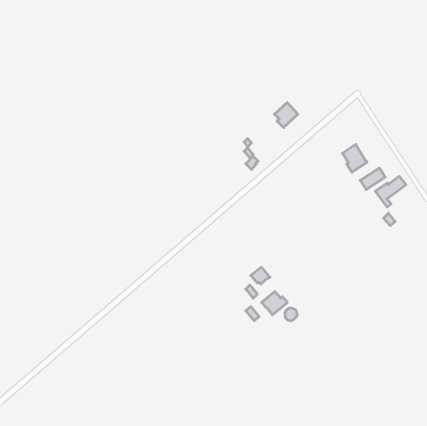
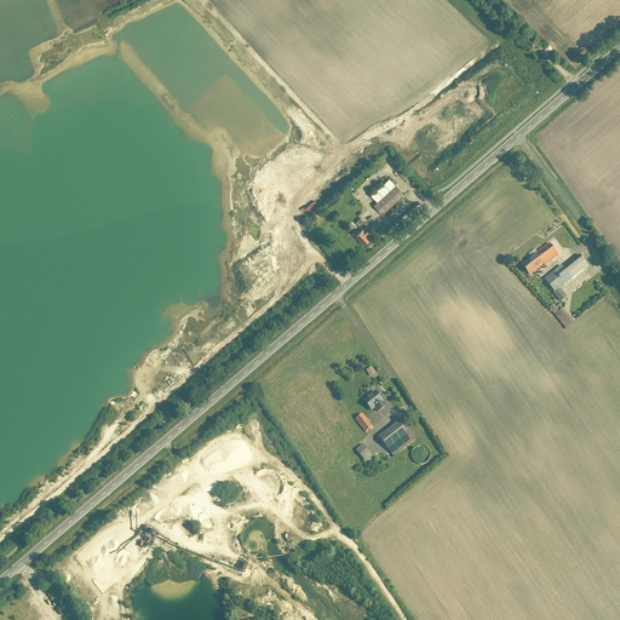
building: [274,103,298,128] -> [371,178,404,214]
building: [342,144,367,172] -> none

